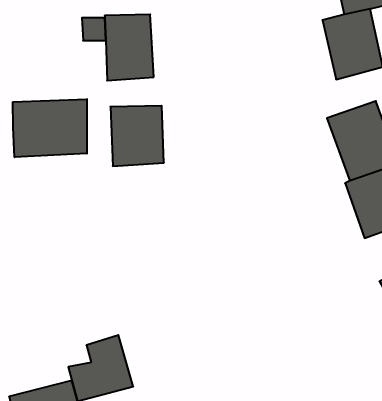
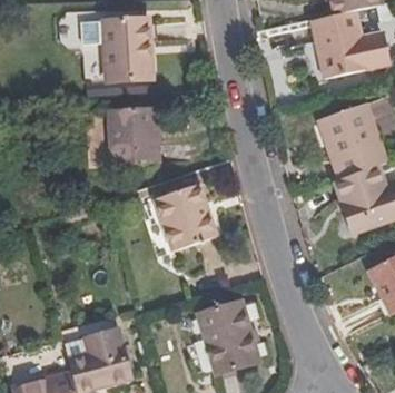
building: [13,99,87,157] -> none
building: none -> [155,179,217,248]
building: none -> [200,299,261,374]

